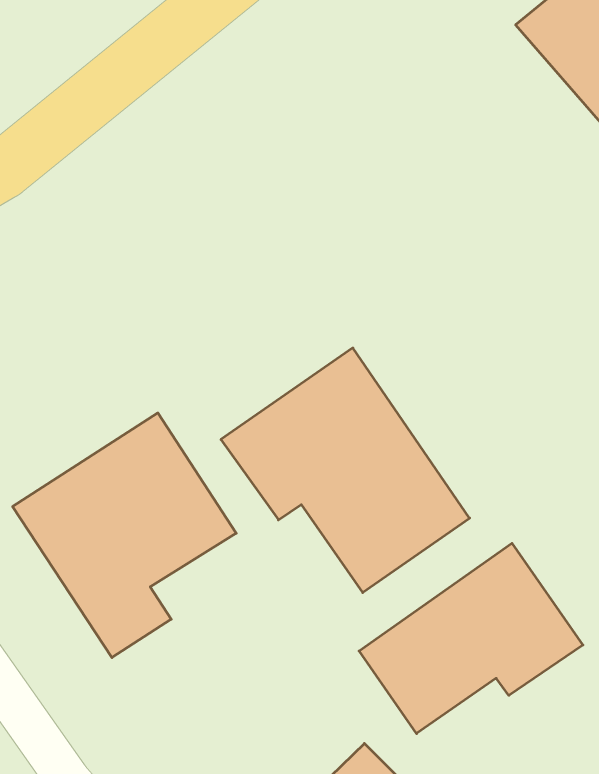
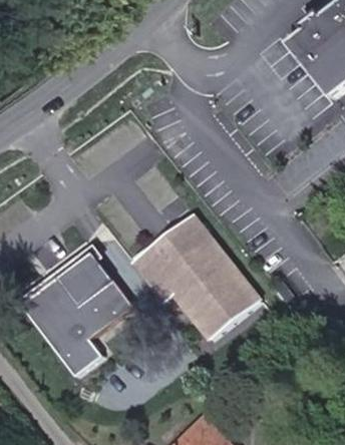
building: [359,543,583,734] -> none

